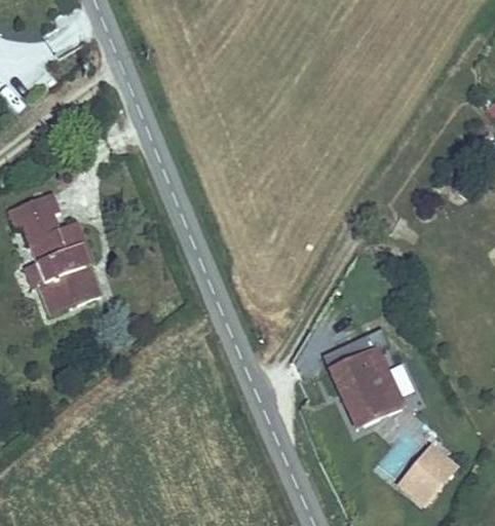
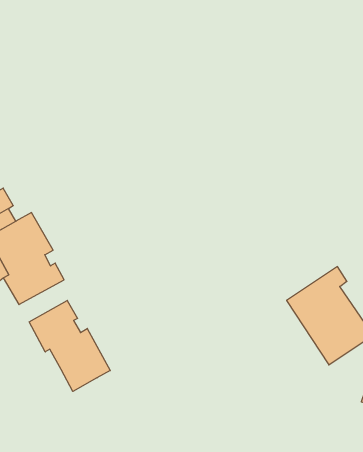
building: none -> [29,300,110,391]

